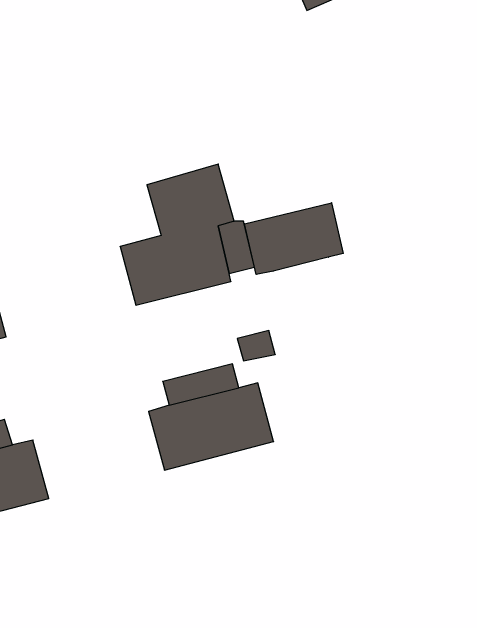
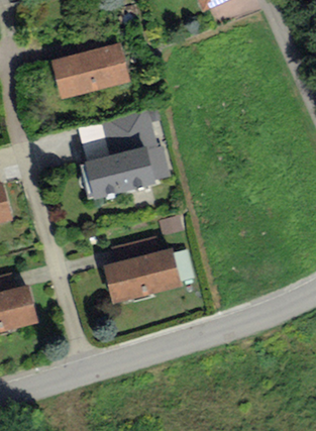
building: none -> [50,42,130,99]
building: [245,203,343,274] -> none

